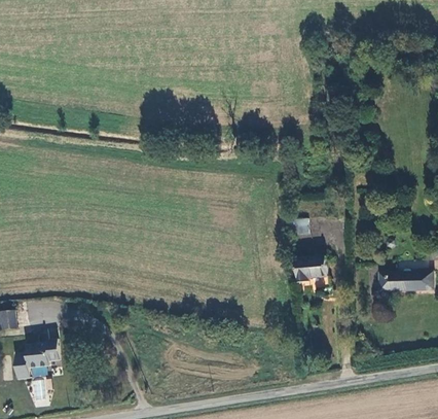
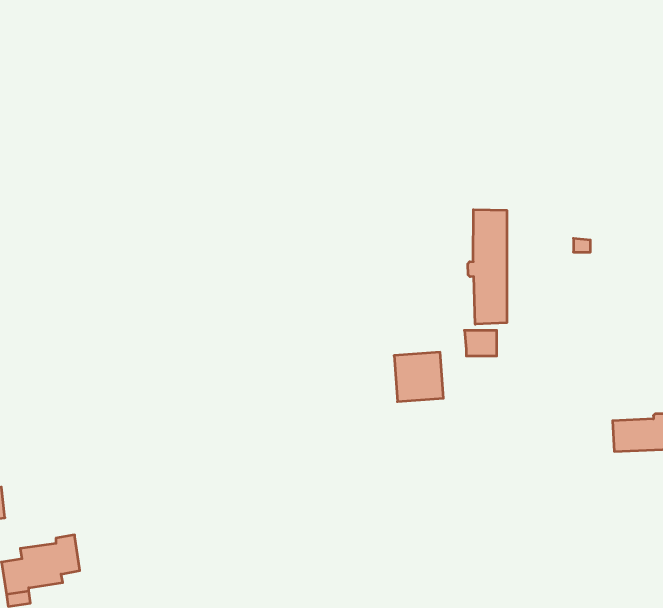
building: none -> [468,210,507,324]
building: [296,251,326,281] -> [394,352,443,402]

